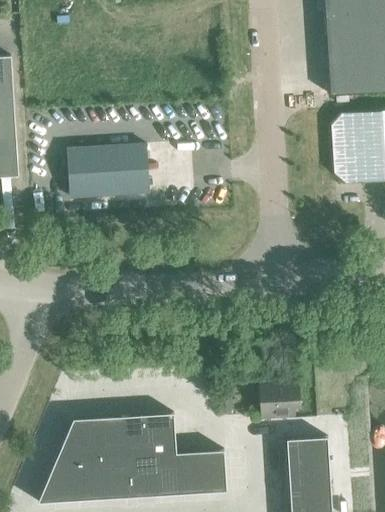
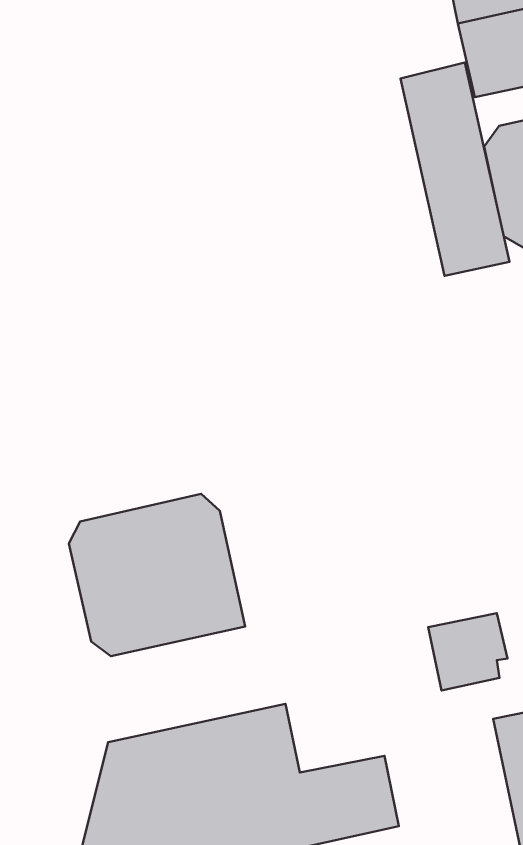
building: none -> [401,62,509,276]
building: [66,144,150,197] -> none
building: none -> [69,494,245,656]

